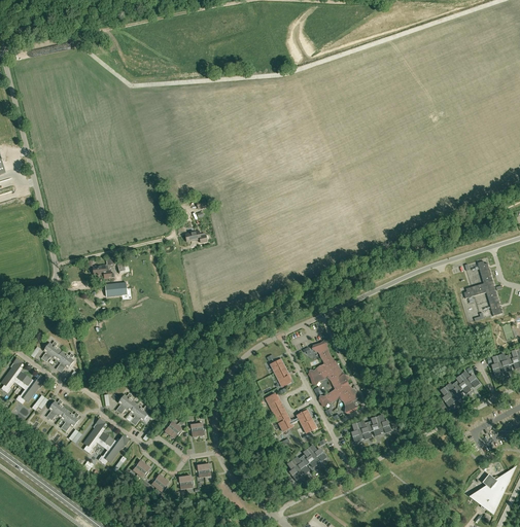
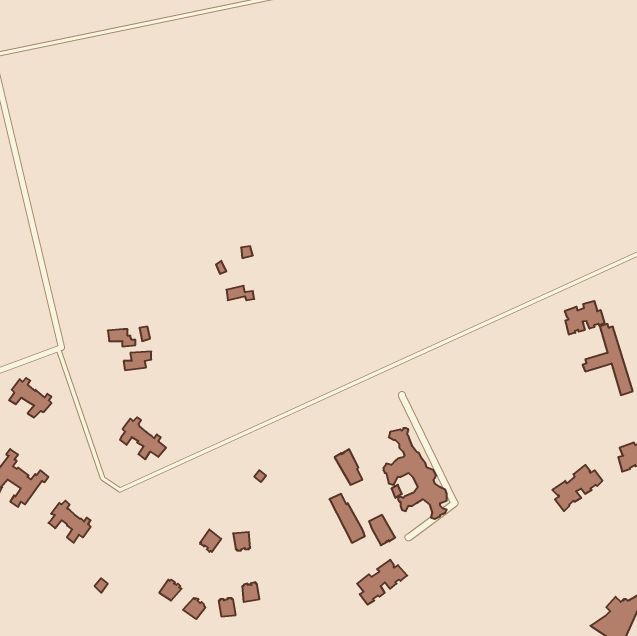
building: none -> [565,301,604,335]
building: [41,341,74,372] -> [9,378,51,417]
building: [116,392,152,425] -> [120,417,166,459]
building: [351,415,391,443] -> none
building: [83,418,129,464] -> none

